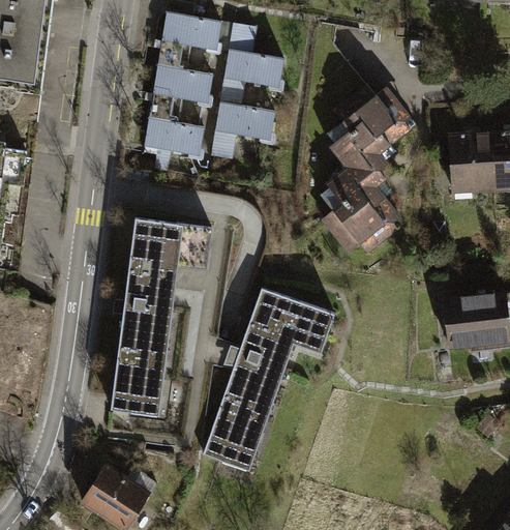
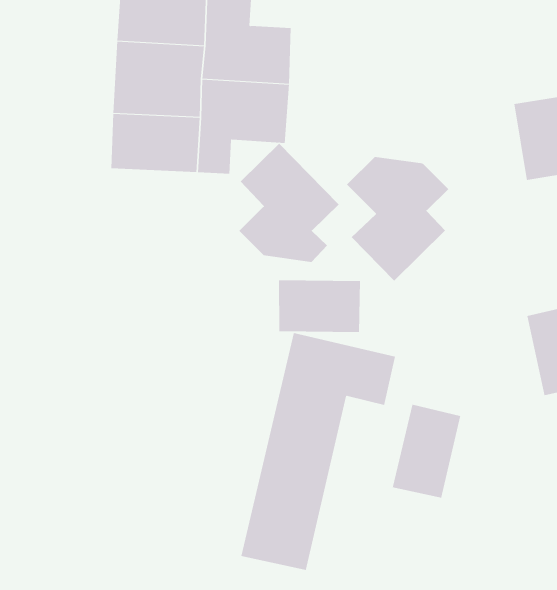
building: [325,79,403,172] -> [239,143,340,262]
building: [102,211,209,408] -> none
building: none -> [278,280,361,333]
building: none -> [392,404,461,498]

